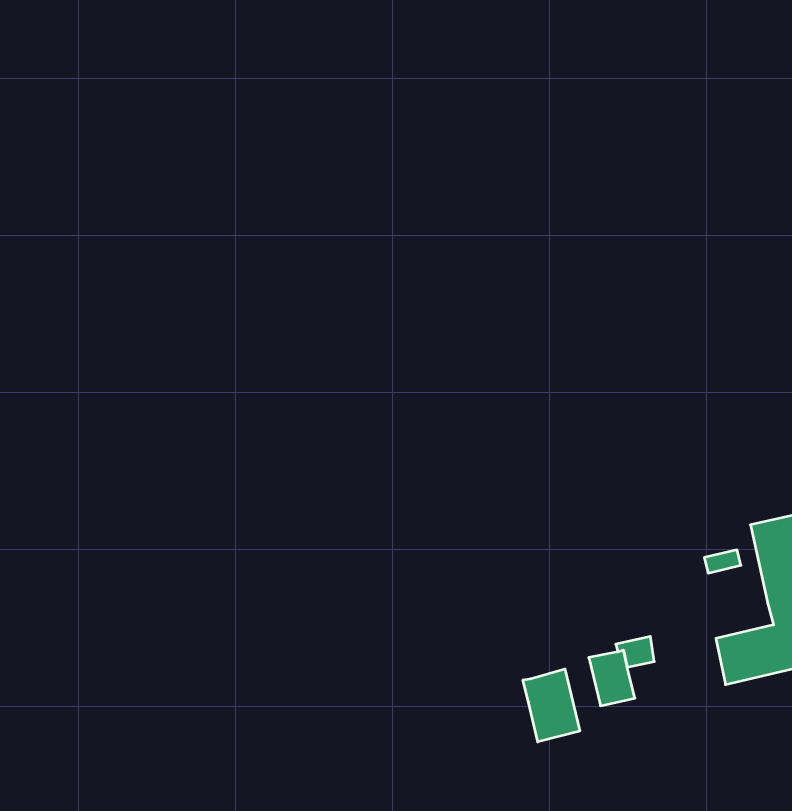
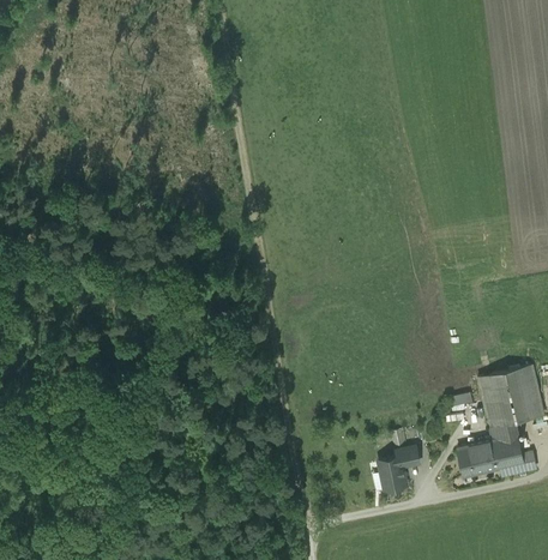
building: [523,669,580,742] -> none

